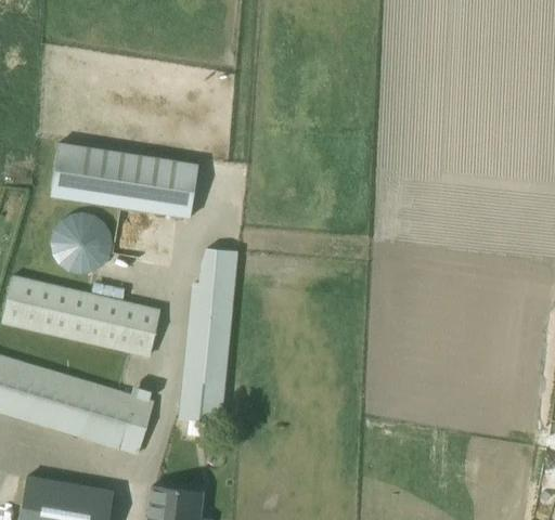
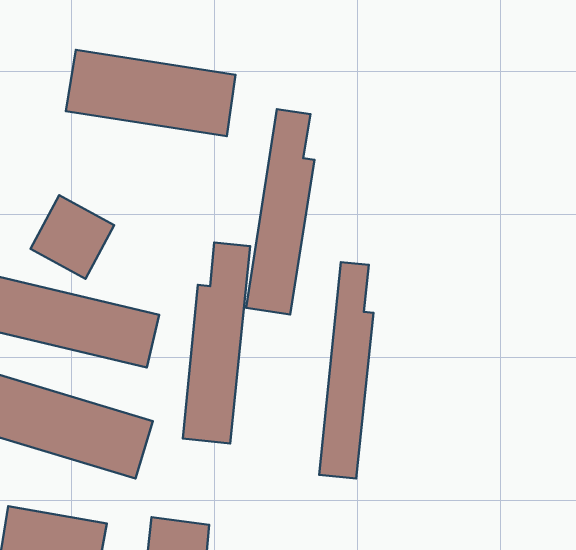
building: none -> [246,109,315,314]
building: [50,143,197,218] -> [66,50,236,136]
building: none -> [319,262,373,478]

